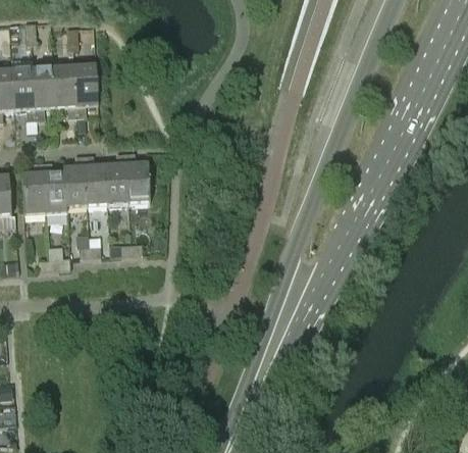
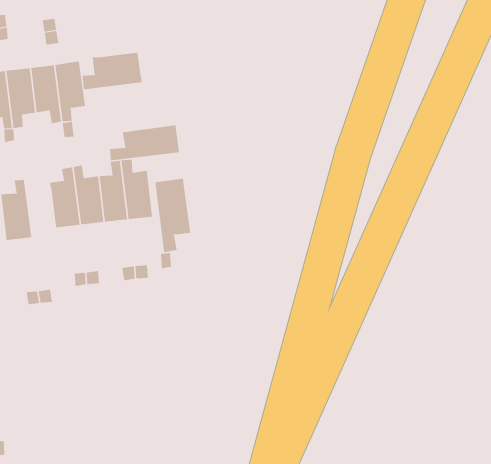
building: none -> [82,52,142,90]
building: none -> [110,125,179,161]
building: [42,161,67,212] -> none
building: none -> [155,178,191,253]

